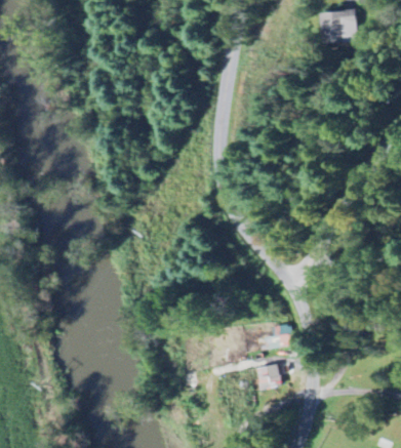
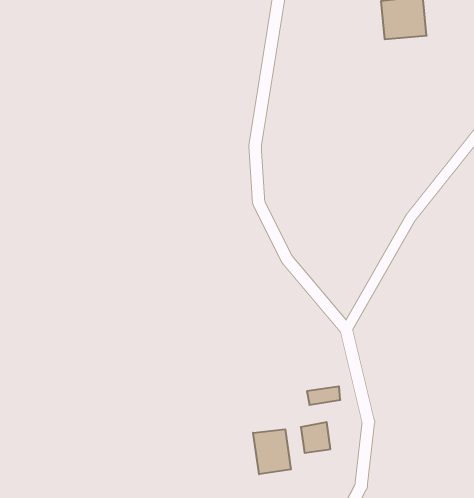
building: none -> [253,429,291,474]

